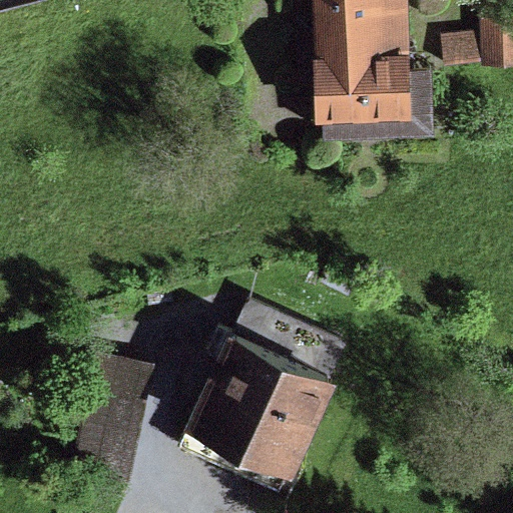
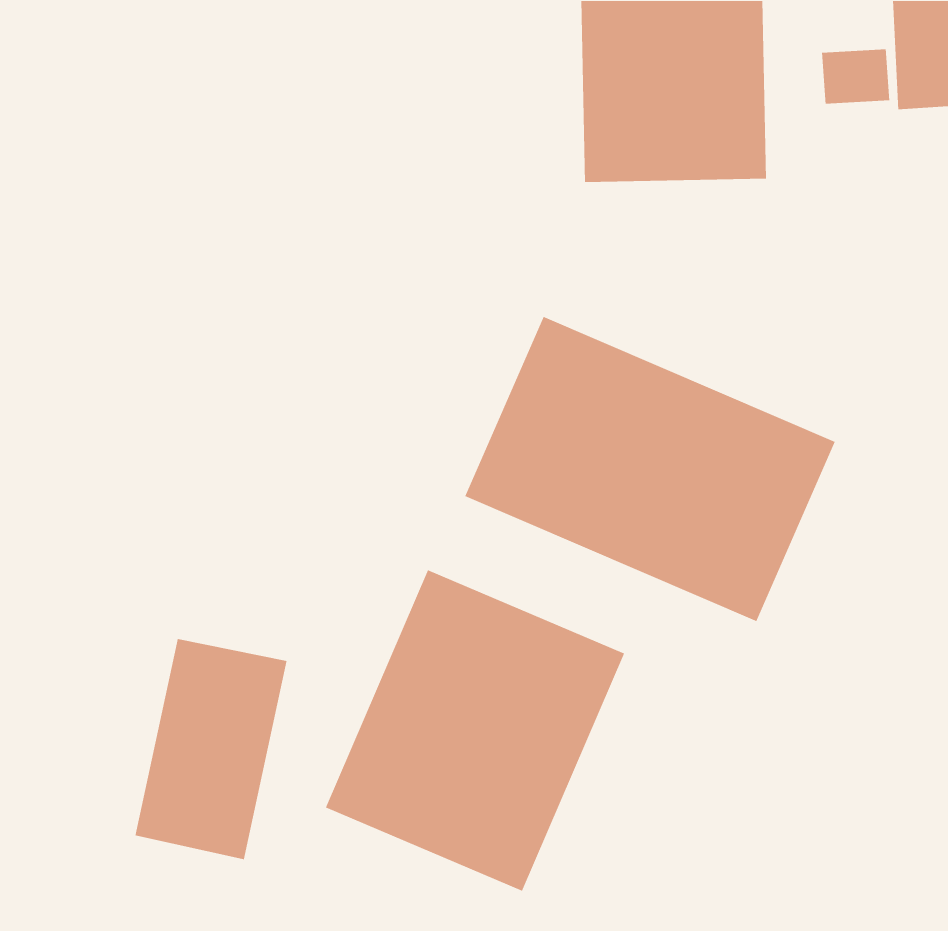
building: none -> [464,316,836,622]

